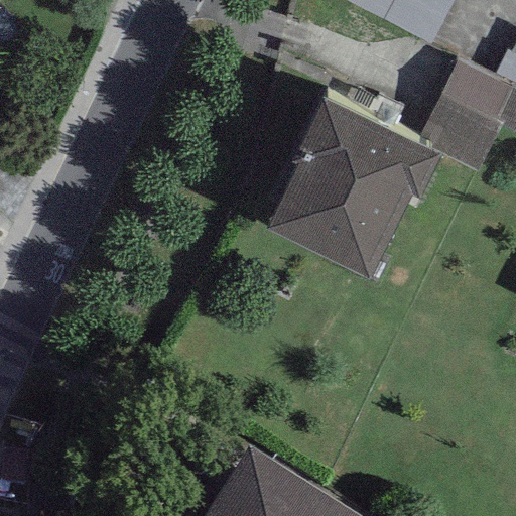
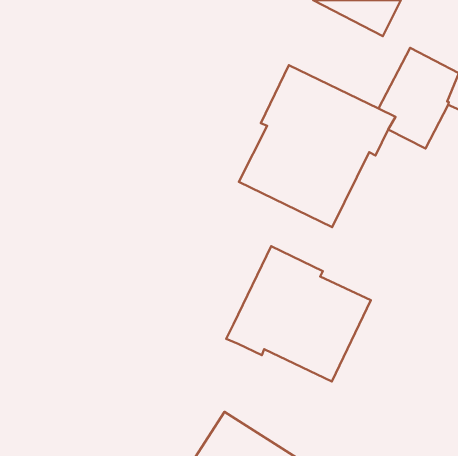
building: none -> [226,246,371,381]

